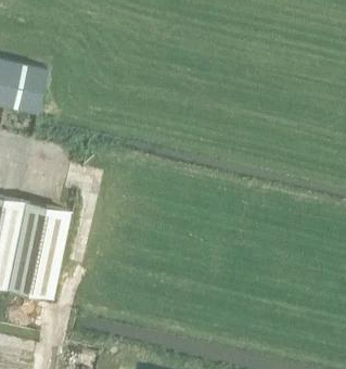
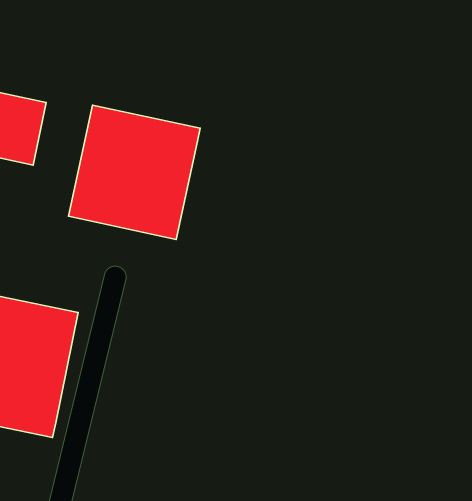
building: none -> [69,105,200,239]

